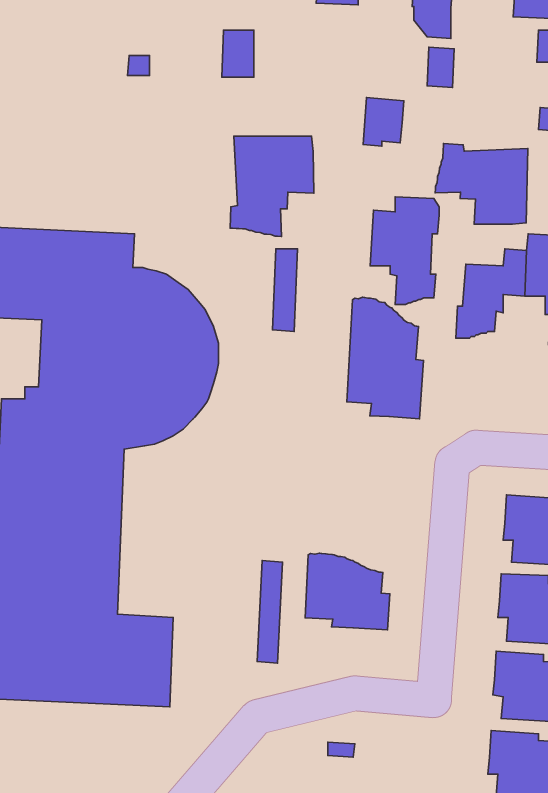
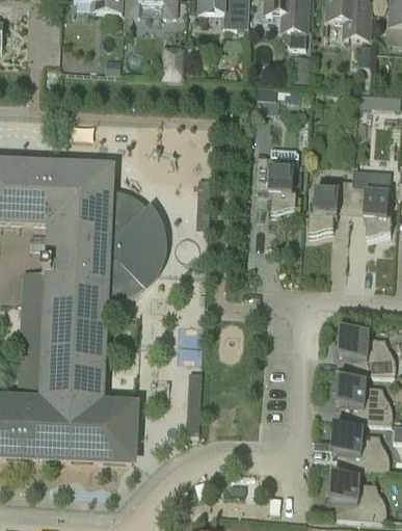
building: [230,136,314,236] -> none
building: [435,144,528,224] -> none
building: [347,297,424,419] -> none
building: [305,553,390,630] -> none

